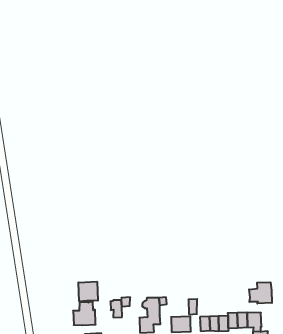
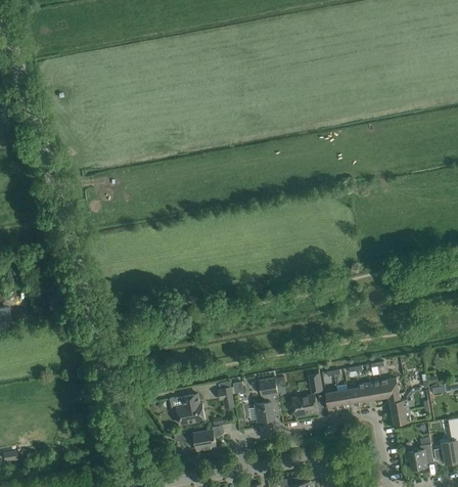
building: [78,282,98,301] -> none
building: [249,282,272,304] -> none

